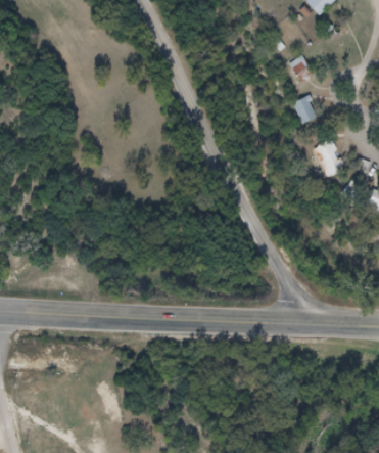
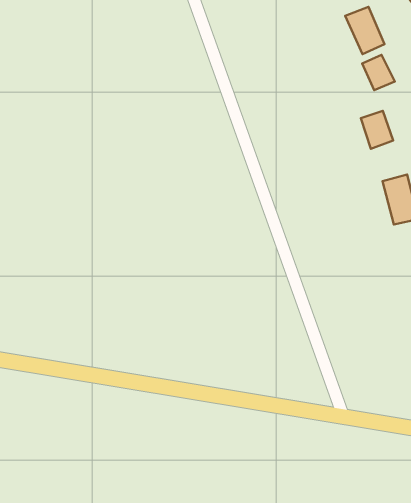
building: none -> [345,7,385,54]

